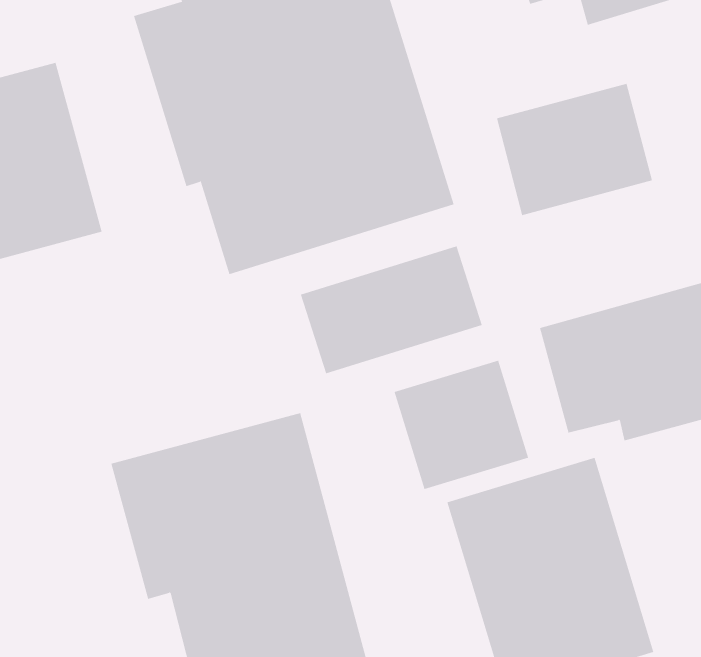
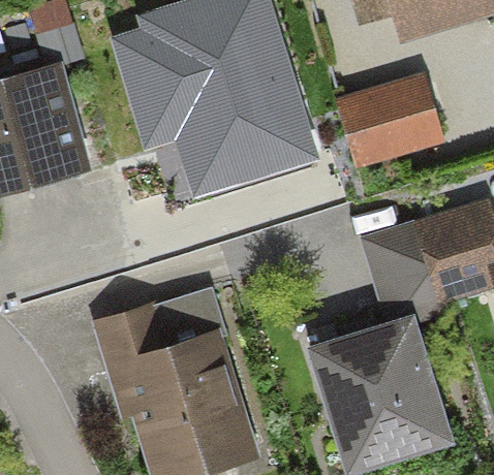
building: [300,245,482,374] -> none
building: [394,360,529,490] -> none

